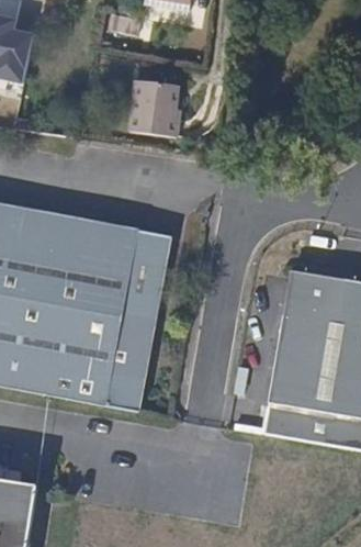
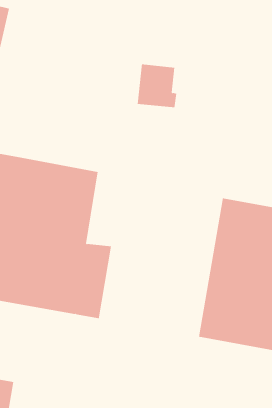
building: [129,81,179,135] -> [137,64,177,108]
building: [126,232,171,323] -> none

